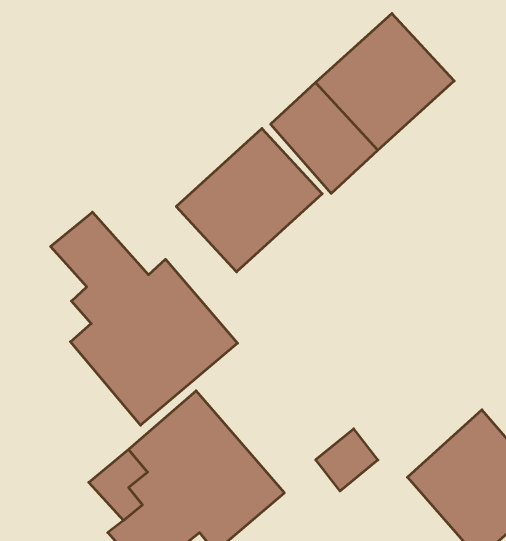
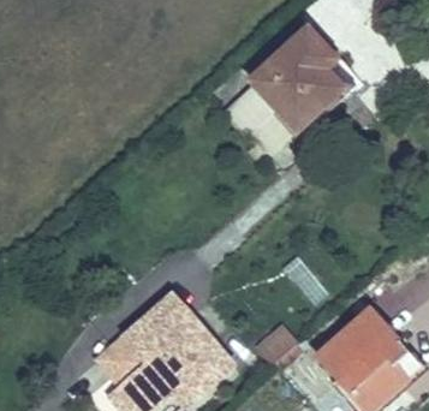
building: [176,128,322,272] -> none
building: [51,212,238,425] -> none

